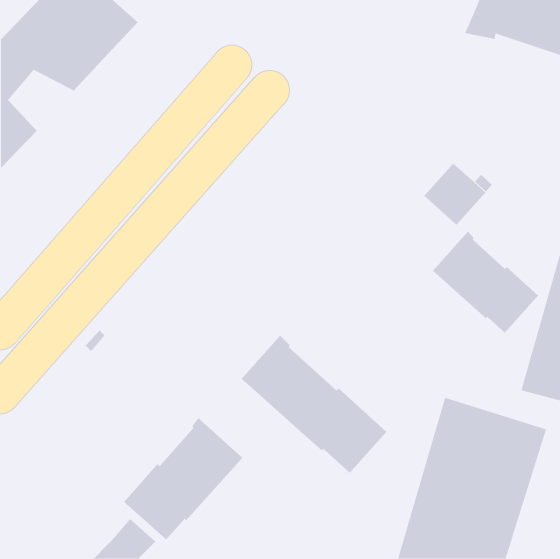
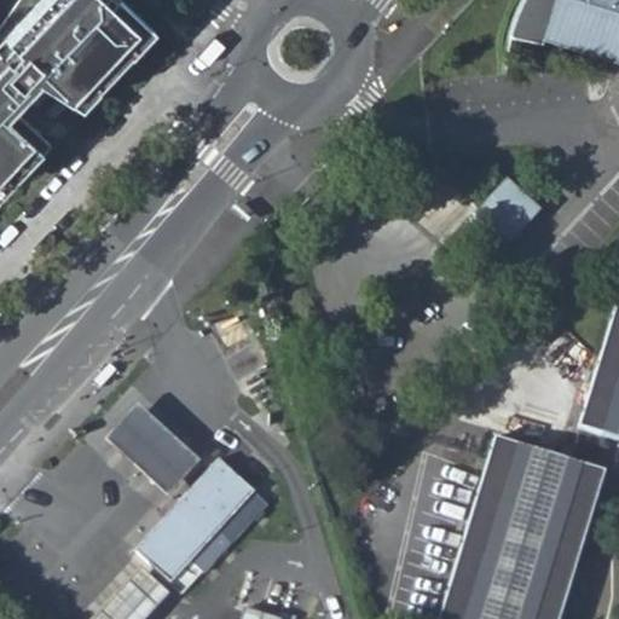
building: [432,231,539,334] -> none
building: [241,335,387,473] -> none
building: none -> [110,406,206,499]

